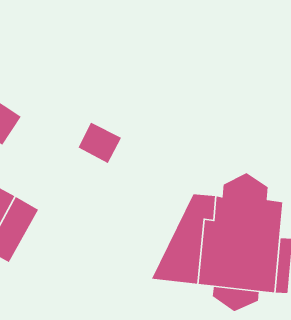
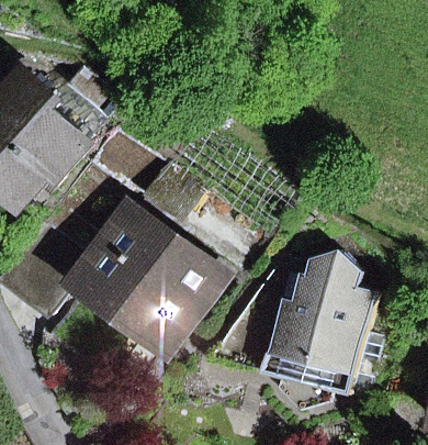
building: none -> [86,214,218,348]

